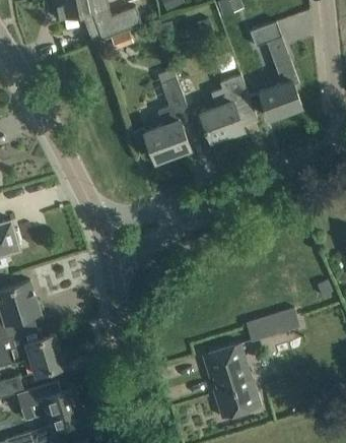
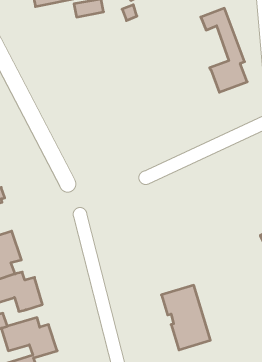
building: [199,53,251,142] -> none
building: [133,70,190,163] -> none
building: [247,310,300,342] -> none

